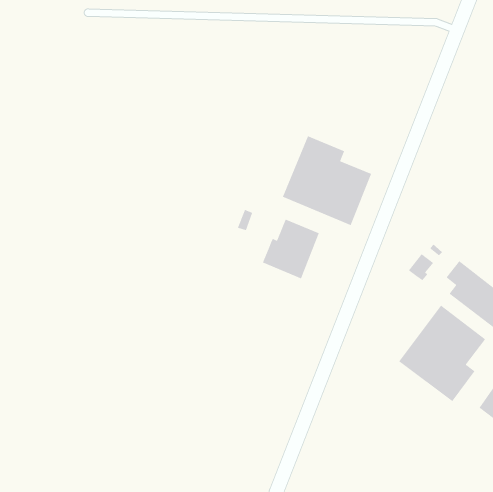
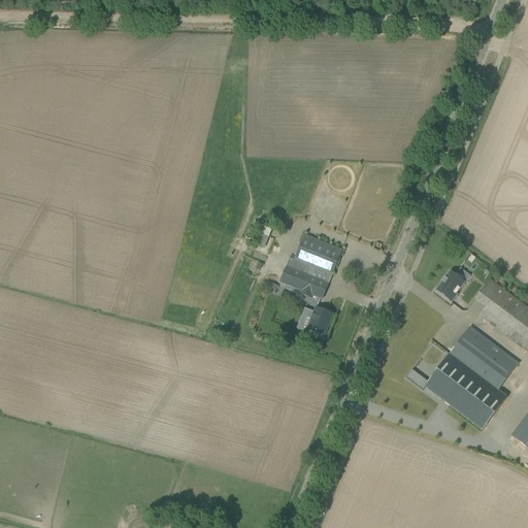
building: [282,135,372,226] -> none
building: none -> [297,306,333,335]

